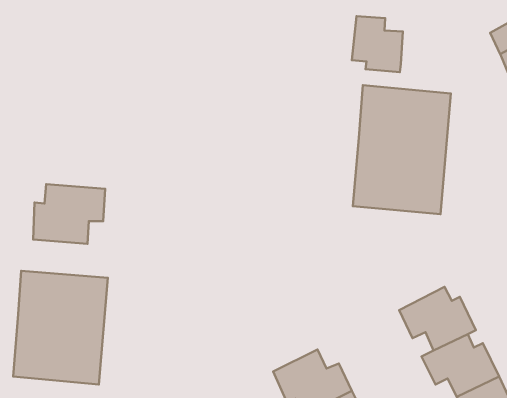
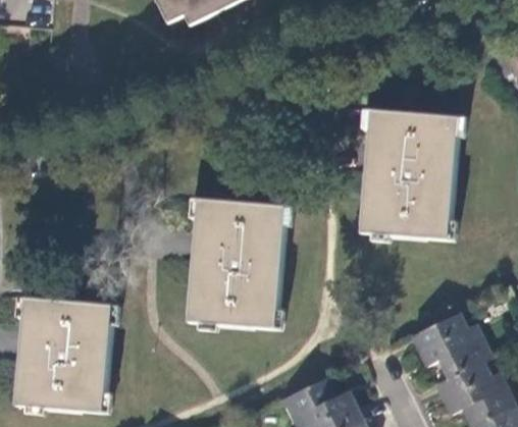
building: [352,16,403,72] -> none
building: none -> [188,199,287,328]
building: [33,184,105,244] -> none

